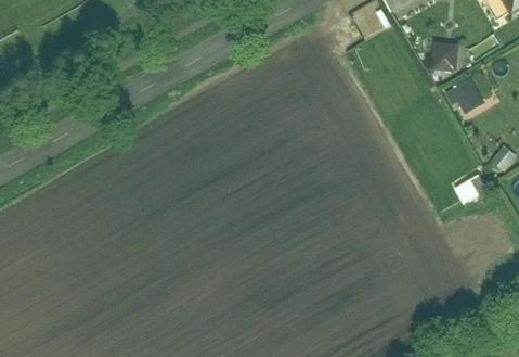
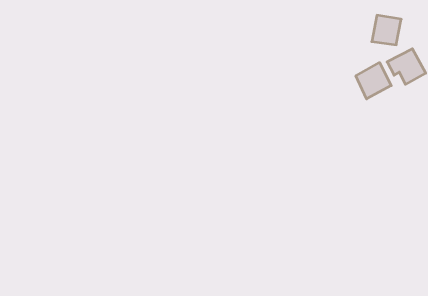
building: none -> [356,63,391,99]

